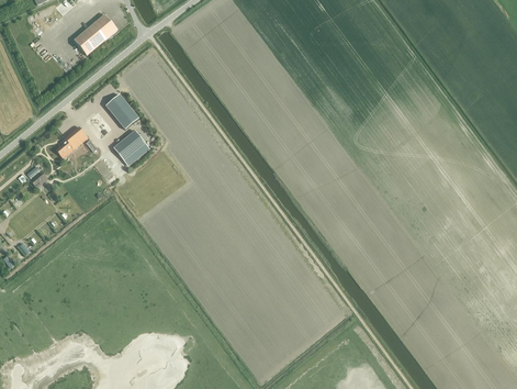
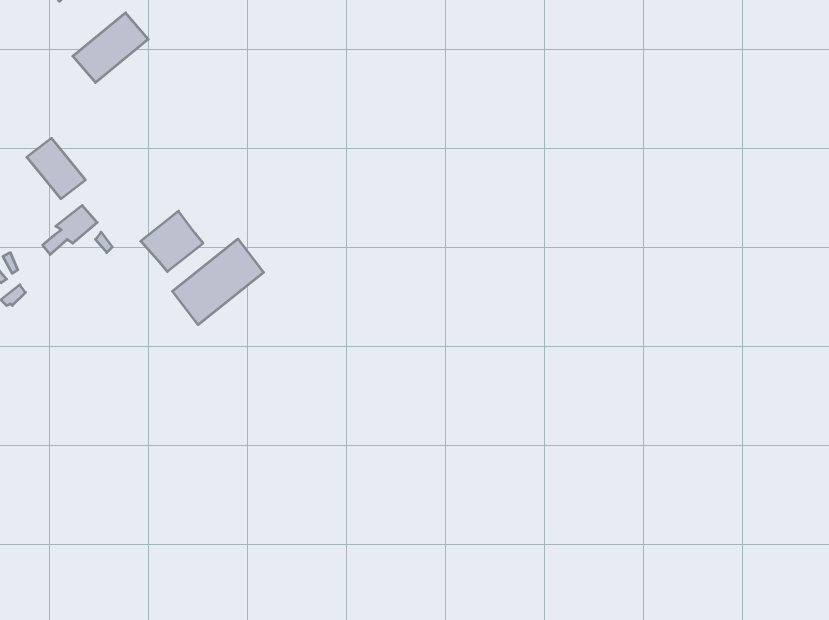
building: [105,93,139,129] -> [27,138,85,199]
building: none -> [172,239,264,325]

